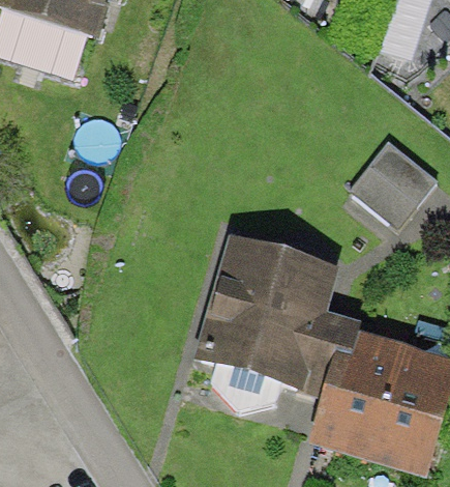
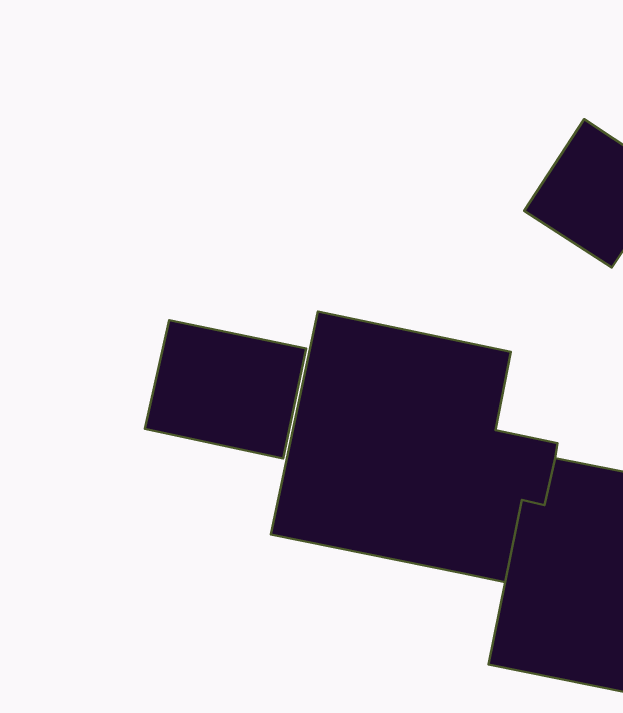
building: none -> [145,320,306,458]

